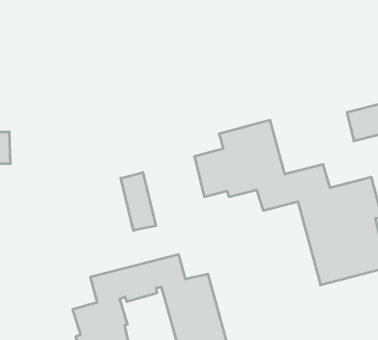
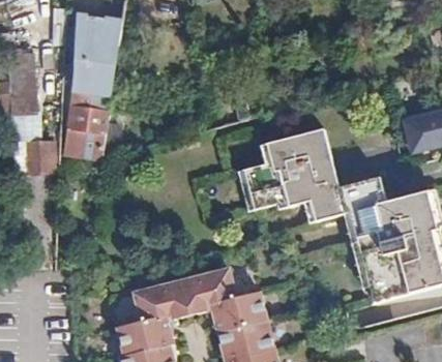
building: none -> [63,14,120,157]
building: [121,172,156,231] -> none

